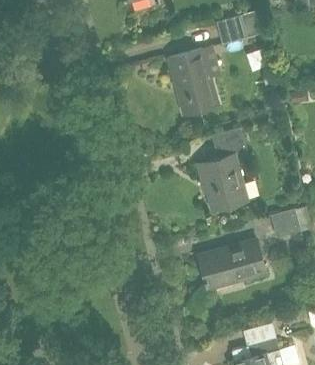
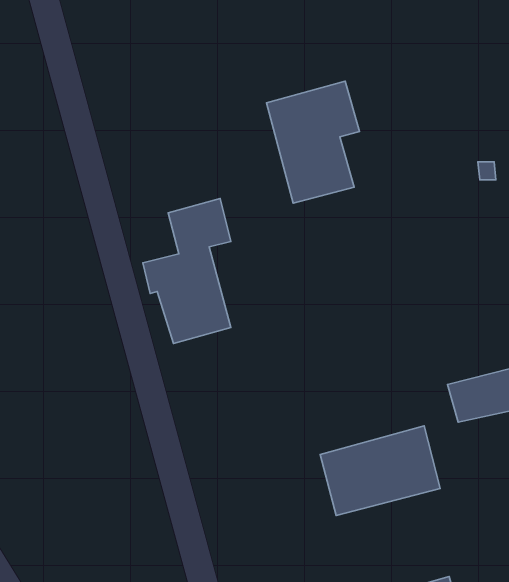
building: [216,16,247,45] -> none
building: [198,129,247,210] -> [143,198,231,344]

